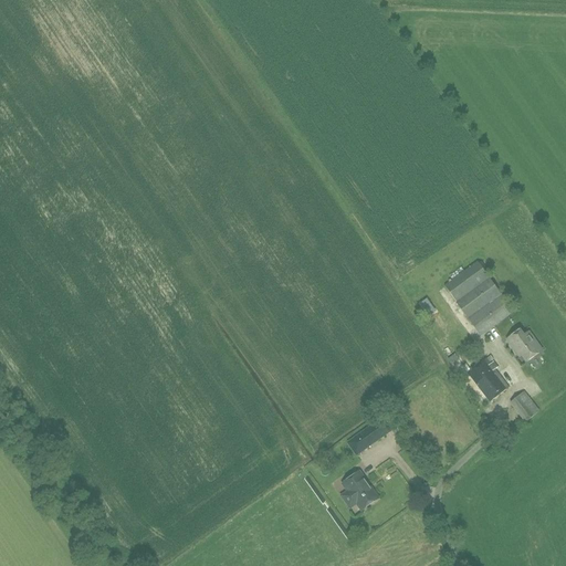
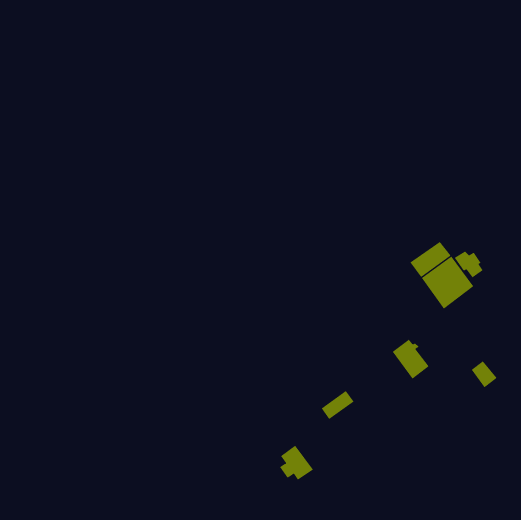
building: [506,329,538,359] -> [454,251,484,278]
building: [467,356,507,400] -> [392,339,430,380]
building: [340,470,378,509] -> [279,445,314,481]

